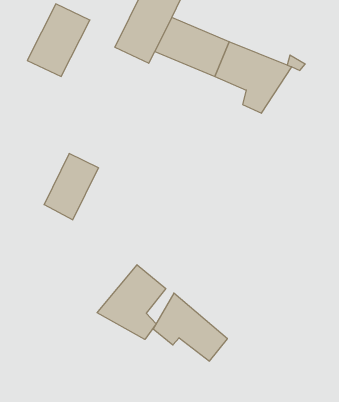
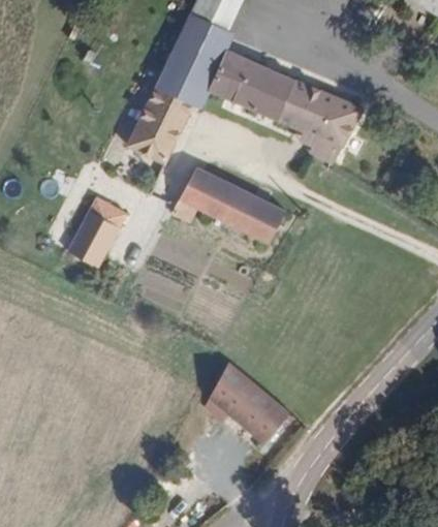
building: [27,4,90,76] -> [125,80,197,163]
building: none -> [167,165,282,247]
building: [97,265,166,339] -> none

